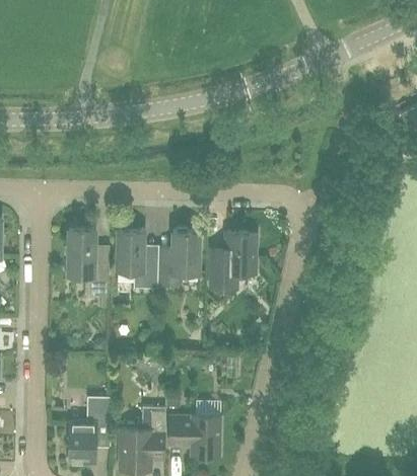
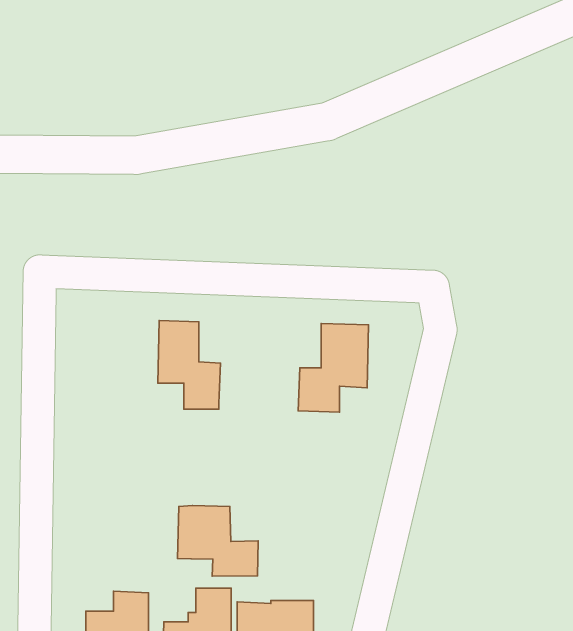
building: [156,228,199,286] -> none
building: [67,229,109,297] -> none
building: none -> [177,506,258,576]

